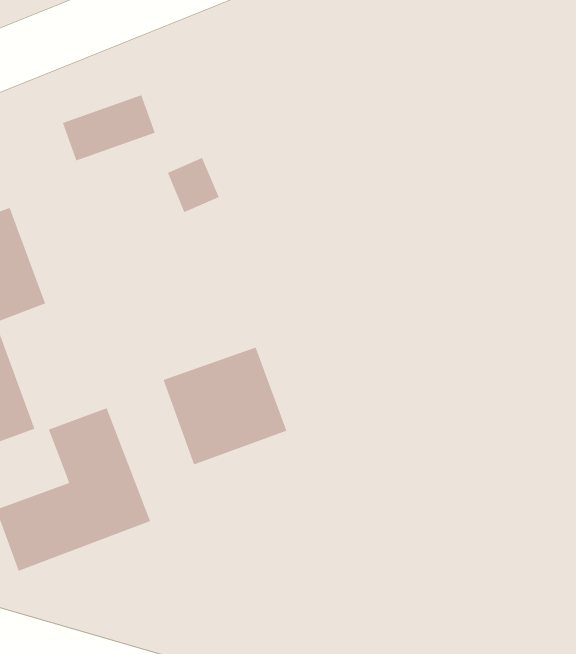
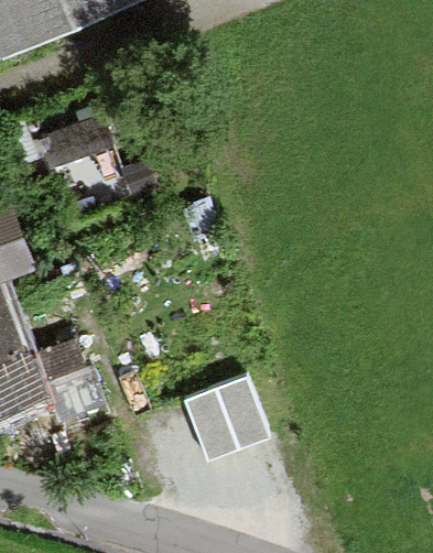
building: [162,347,287,466] -> [183,383,271,467]

